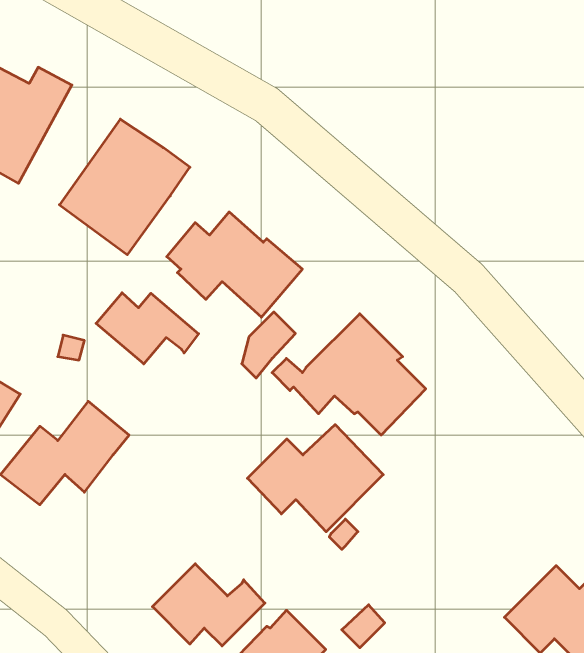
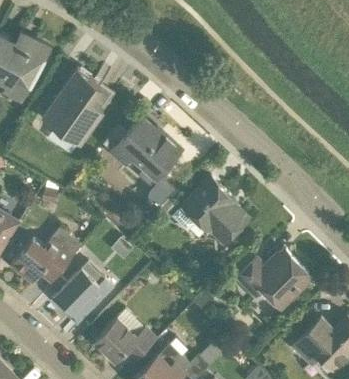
building: [96,293,199,364] -> none
building: [247,425,383,532] -> [236,250,312,310]
building: none -> [54,263,113,315]

